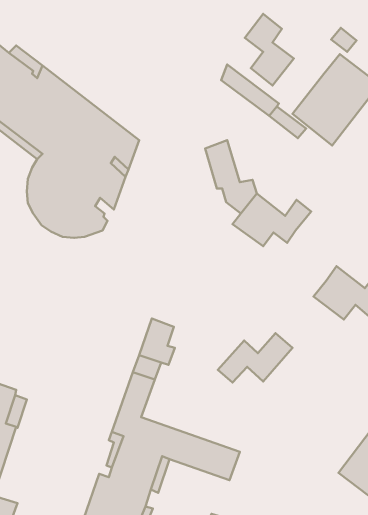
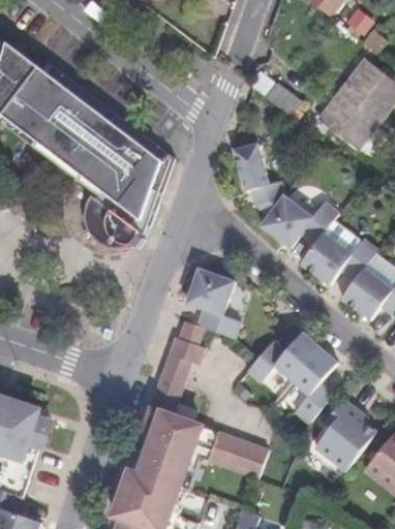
building: [245,14,294,85] -> none
building: none -> [299,232,375,285]
building: none -> [185,269,239,339]
building: none -> [290,348,336,424]
building: none -> [313,400,374,472]

